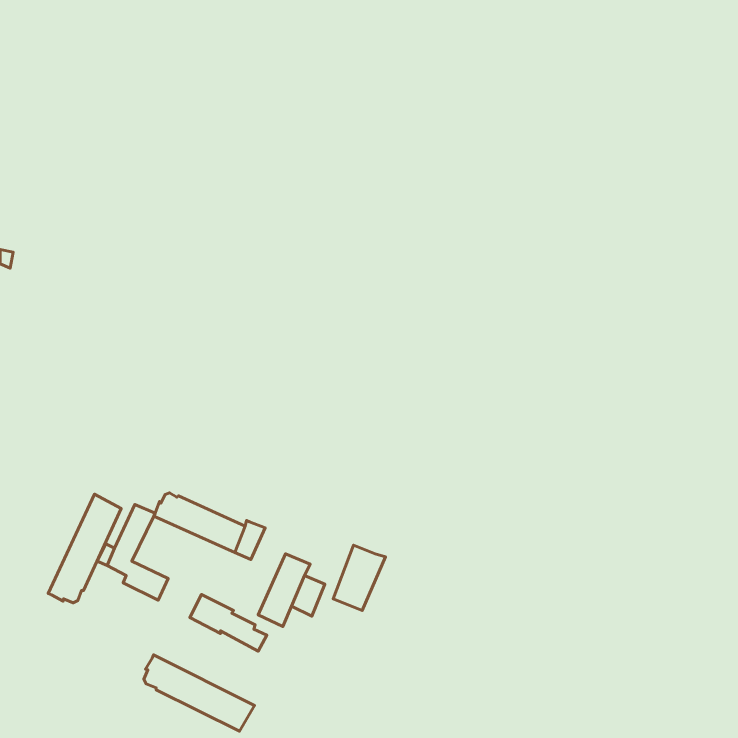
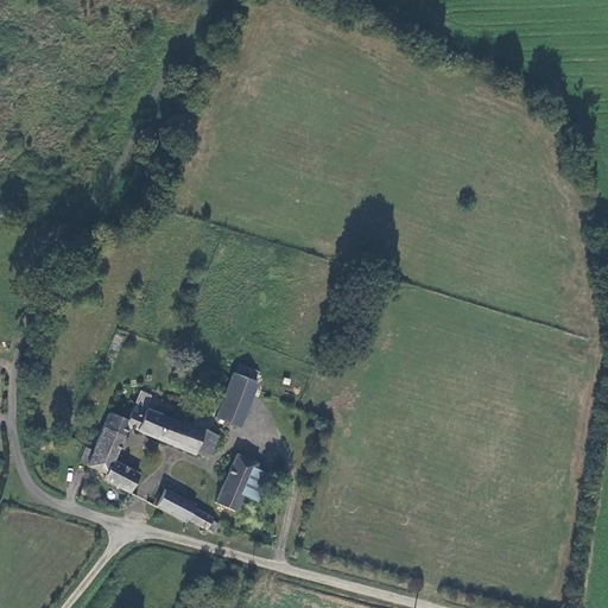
building: [48,494,121,603] -> none
building: [333,545,385,610] -> [217,372,260,425]
building: [144,655,254,731] -> none

